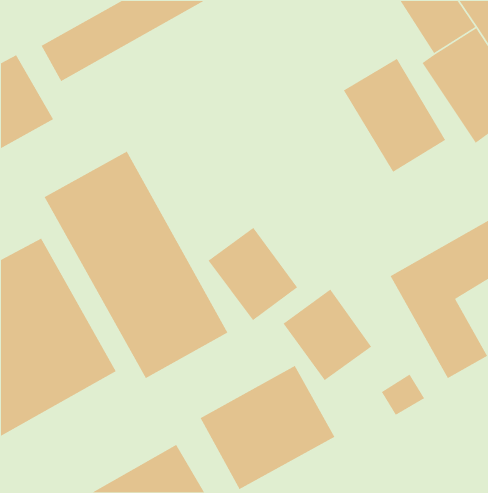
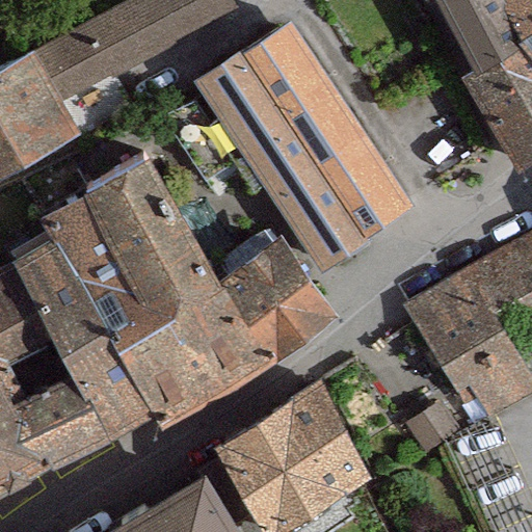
building: none -> [205,29,398,259]
building: [343,58,446,173] -> none
building: [283,288,372,381] -> none

